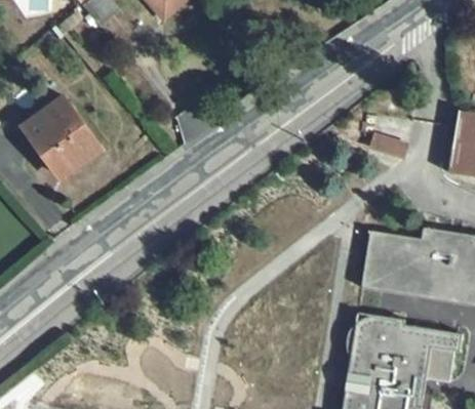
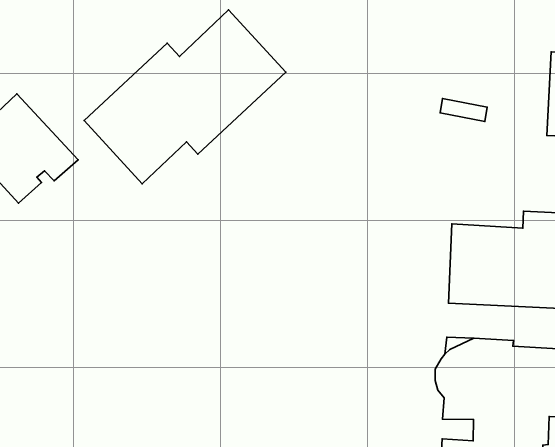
building: none -> [84,10,286,184]

